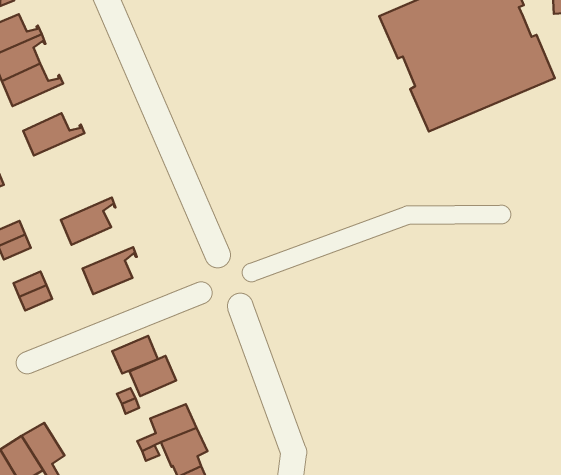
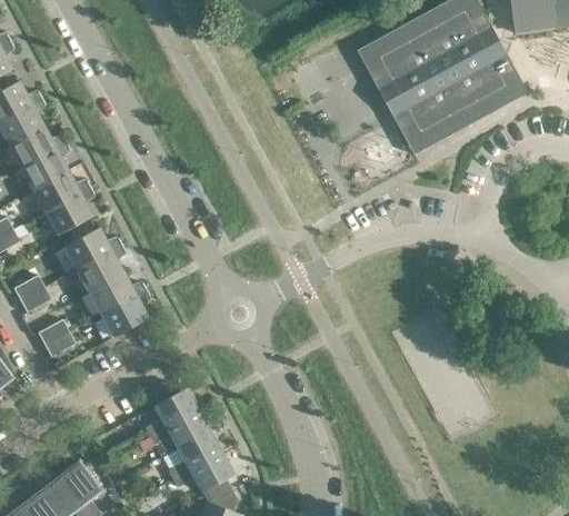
building: none -> [21,142,71,190]
building: none -> [46,187,96,235]
building: none -> [64,228,122,270]
building: none -> [89,272,147,314]
building: [112,336,158,374] -> [167,410,210,448]

